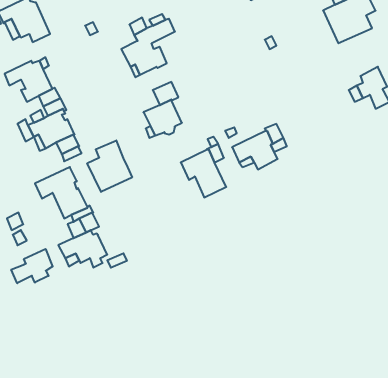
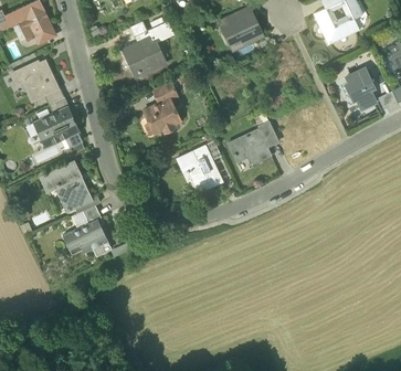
building: none -> [222,10,261,47]
building: [87,140,132,192] -> none
building: [11,249,53,283] -> none

